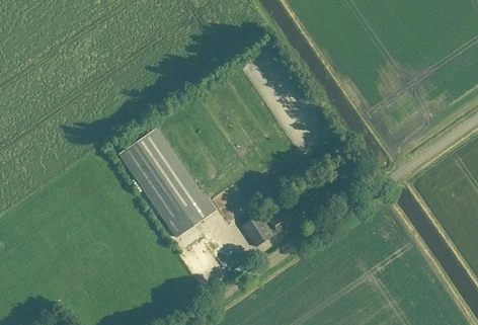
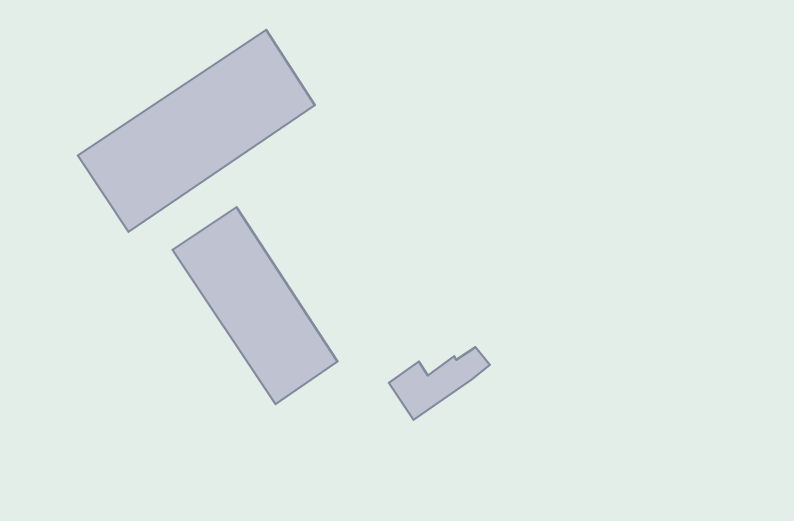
building: none -> [78,30,315,232]

